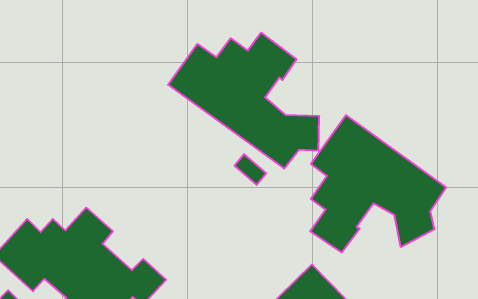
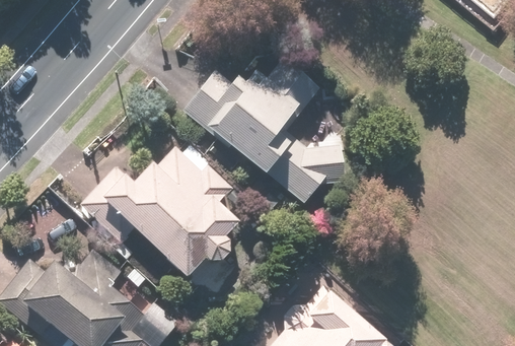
building: none -> [82,144,242,277]
building: [310,115,446,252] -> none

